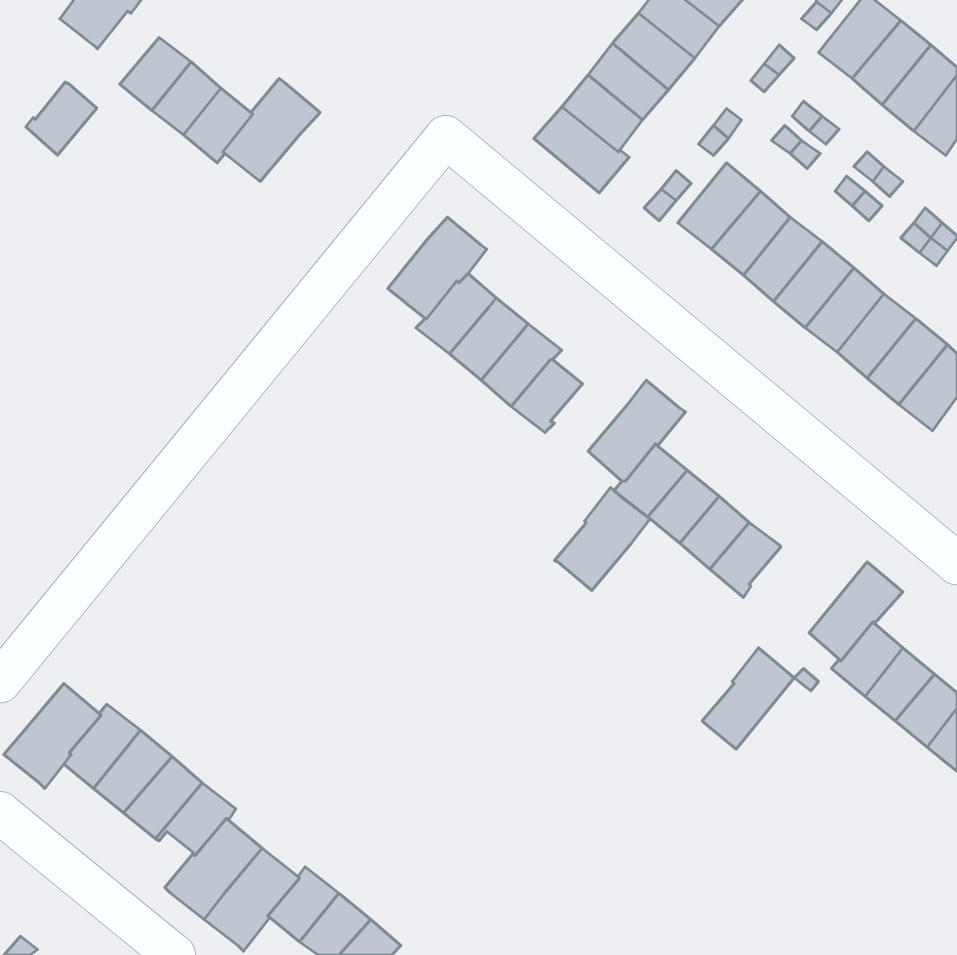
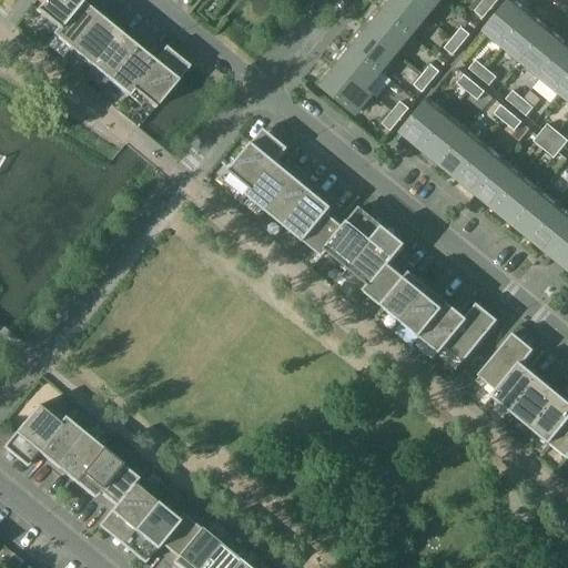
building: [26,82,97,155] -> [52,7,94,50]
building: [554,487,650,590] -> [326,206,383,267]
building: [702,648,794,749] -> [444,303,498,363]

